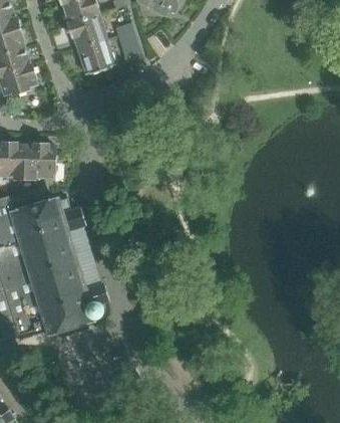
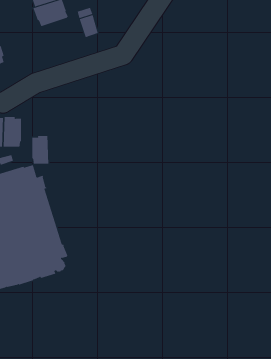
building: [75,34,115,74] -> none
building: none -> [32,135,49,164]

